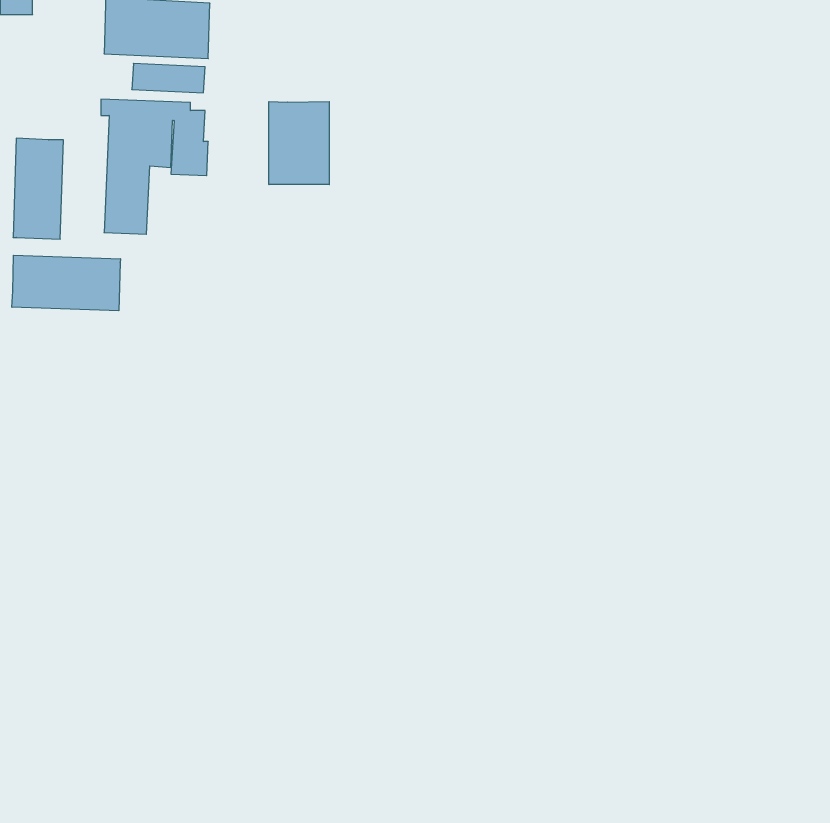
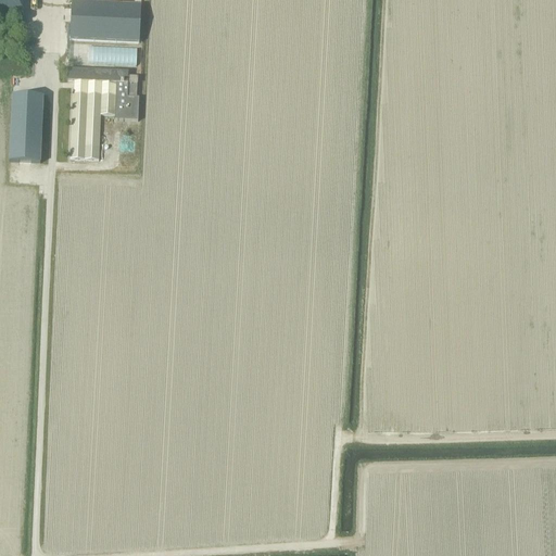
building: [269,102,329,185] -> none
building: [12,255,120,311] -> none

